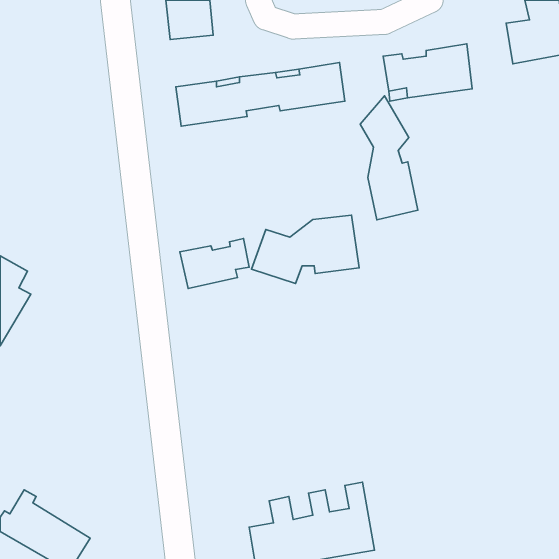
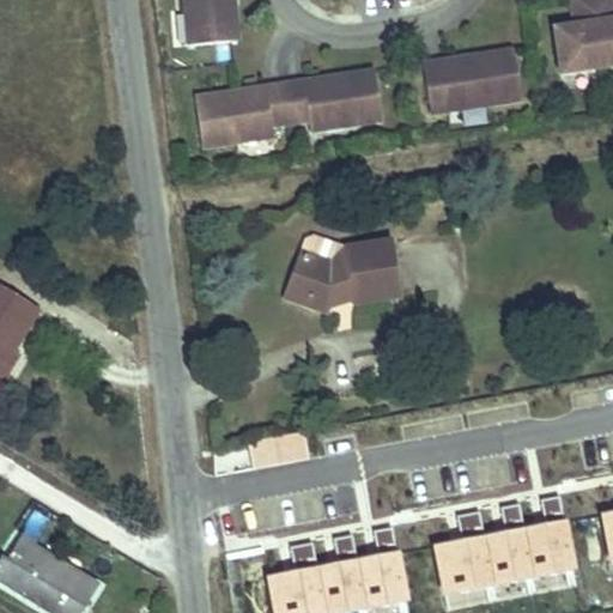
building: [360,96,418,220] -> none
building: [180,238,249,288] -> none
building: none -> [441,496,578,594]

